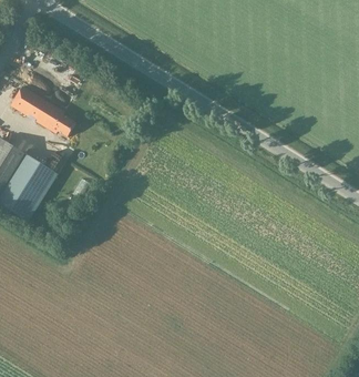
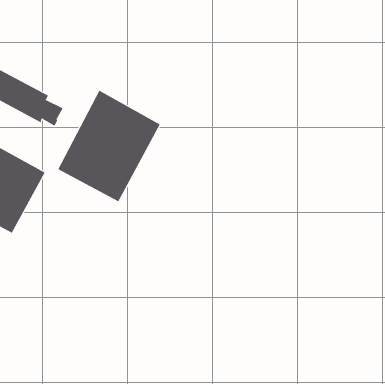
building: none -> [58,90,161,202]

